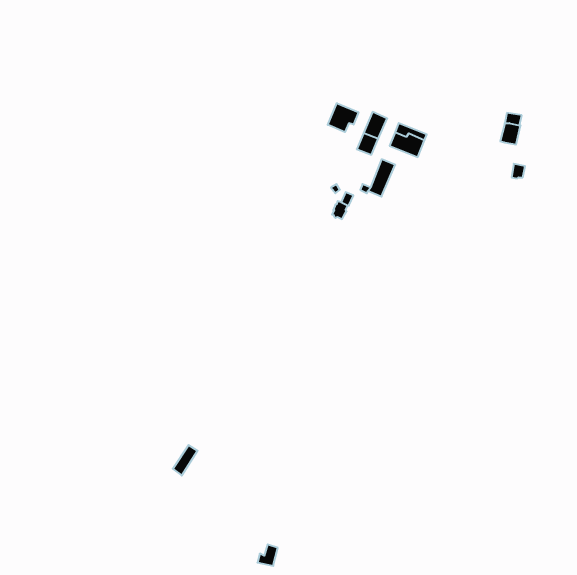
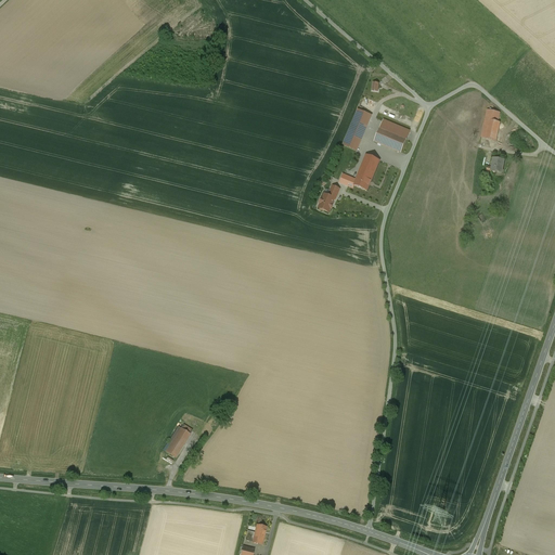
building: [328,103,358,132] -> none

